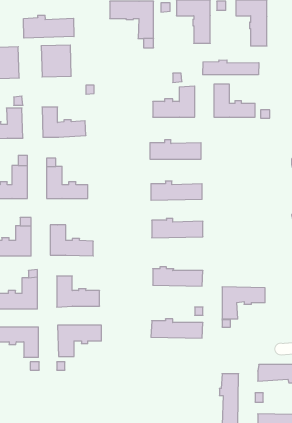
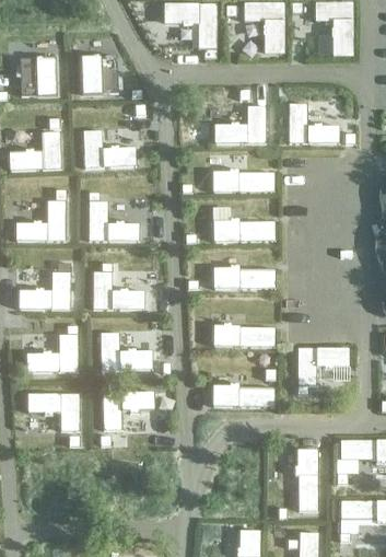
building: [24,15,74,38] -> none
building: [203,60,259,75] -> none

